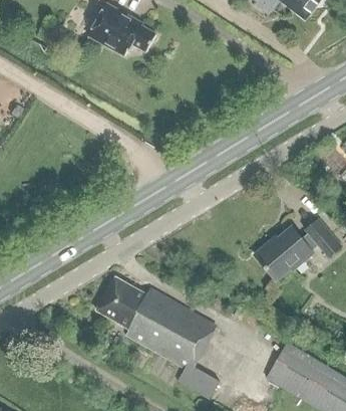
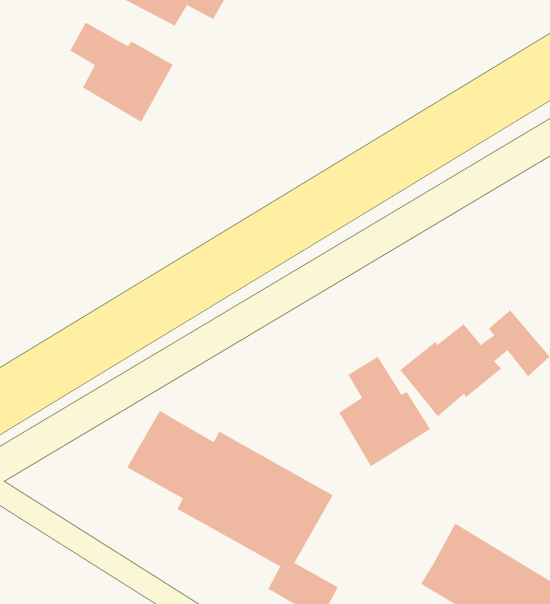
building: none -> [69,22,174,123]
building: none -> [339,356,431,467]

